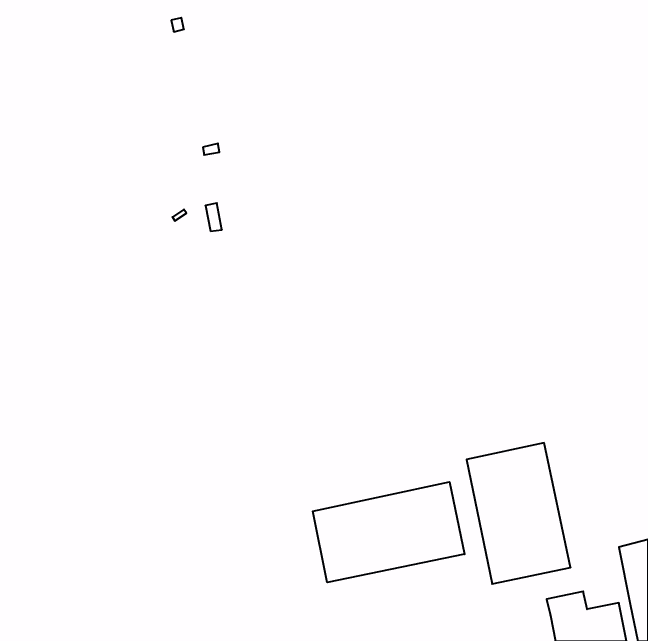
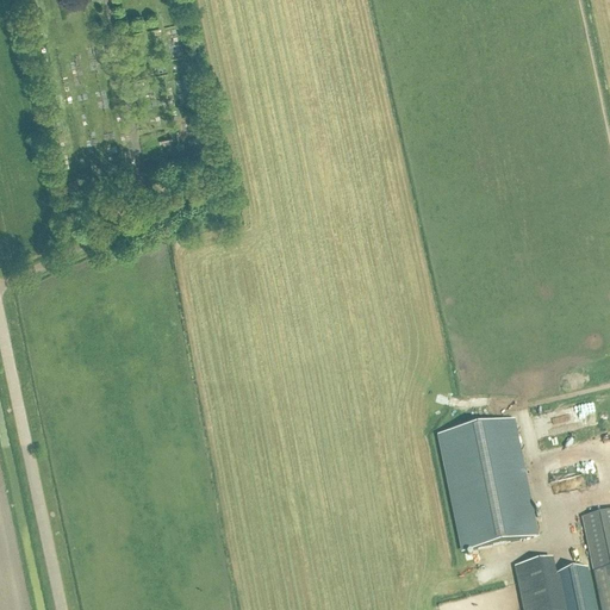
building: [313,482,465,582] -> none

